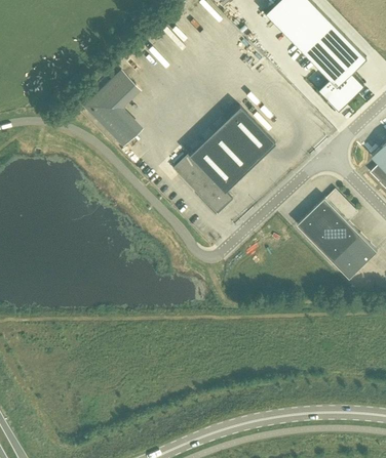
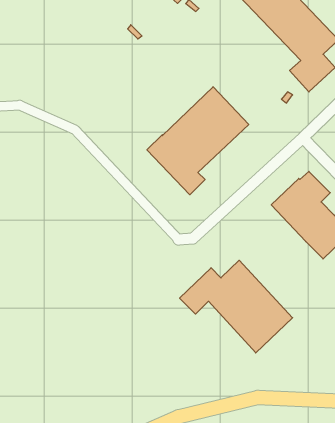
building: [83,70,143,148] -> none
building: none -> [180,260,293,353]

